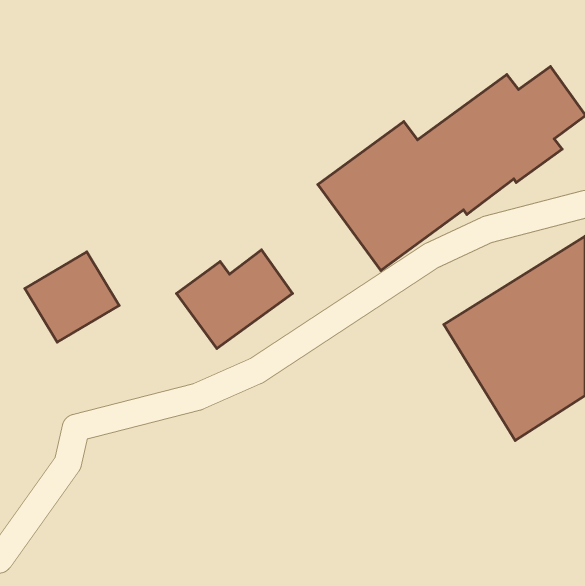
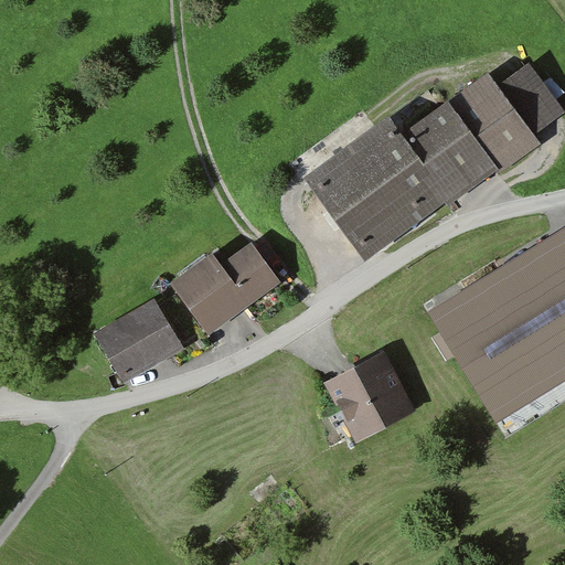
building: [25,252,119,342] -> [94,297,184,384]
building: none -> [323,351,416,443]

